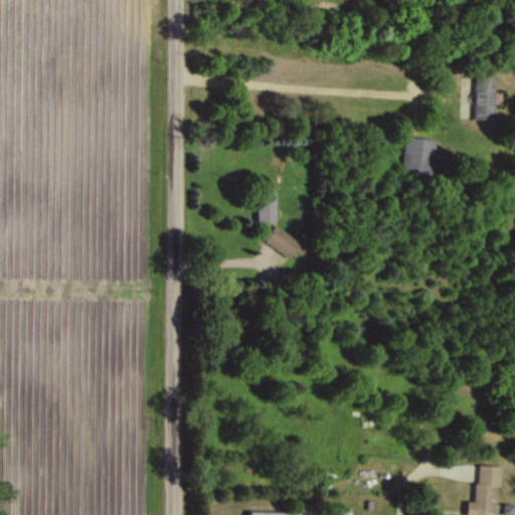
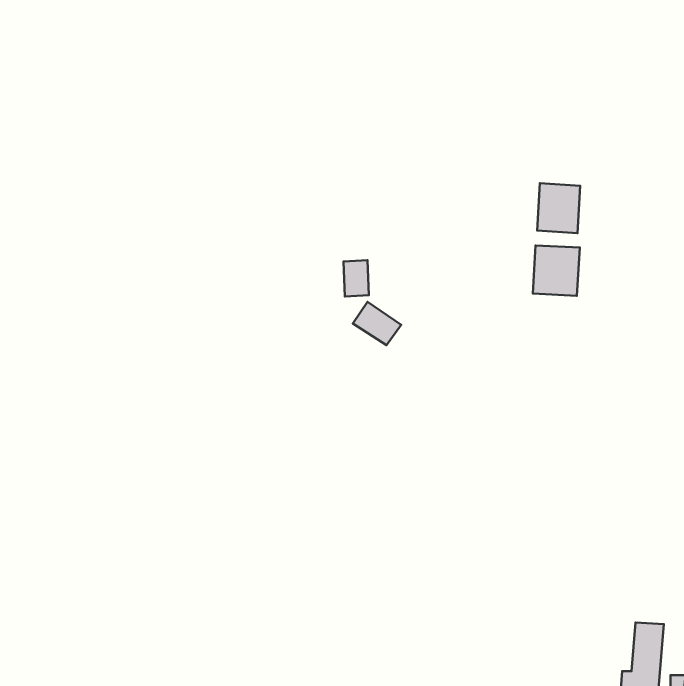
building: [476,77,497,121] -> none
building: none -> [533,245,580,296]

